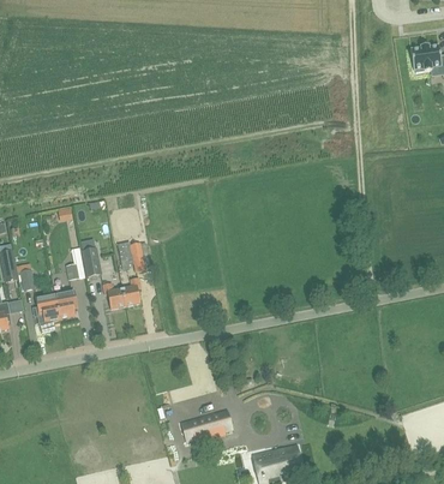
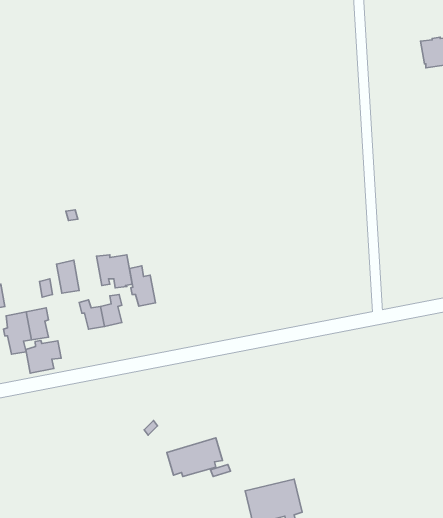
building: none -> [129,266,156,306]
building: none -> [26,341,61,373]

